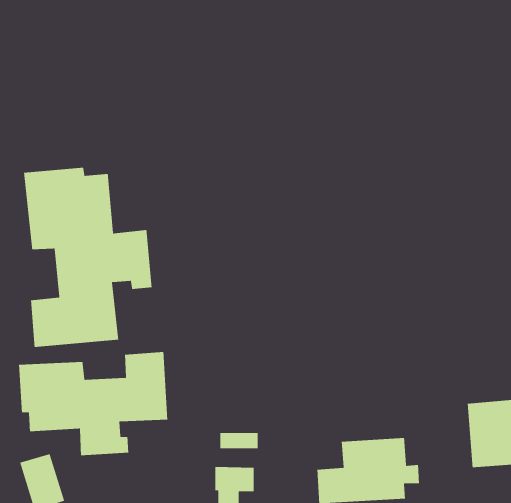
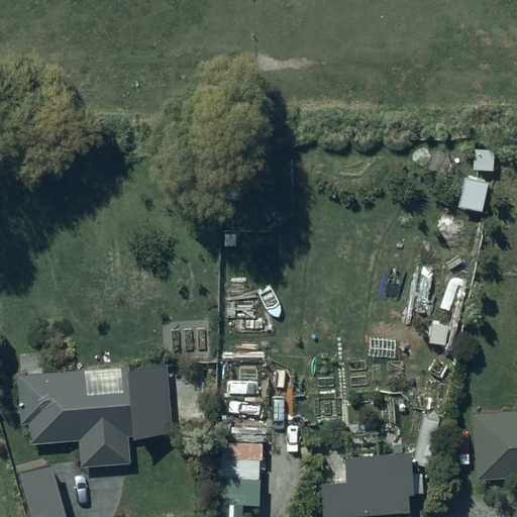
building: [23,167,152,348] -> none

